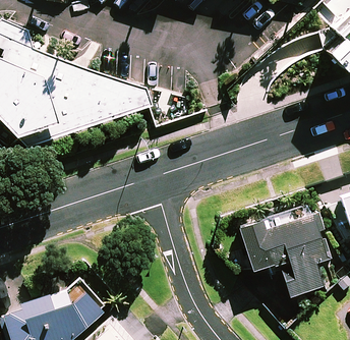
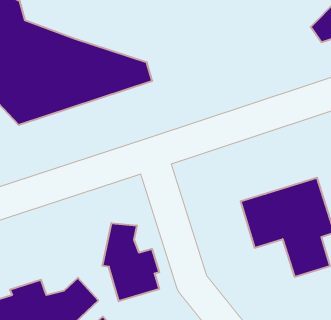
building: none -> [103,223,159,301]

